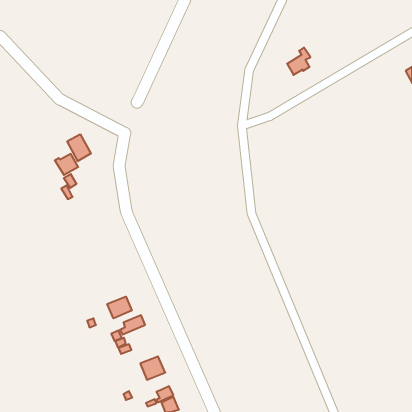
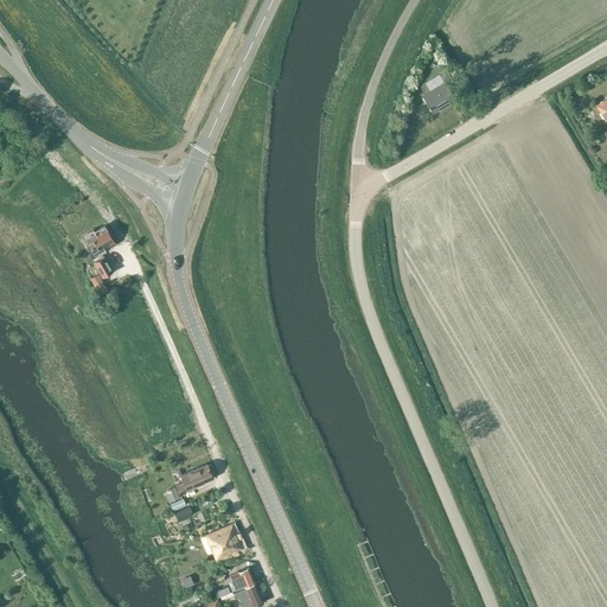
building: [67,134,91,161] -> none
building: [107,297,132,318] -> none

